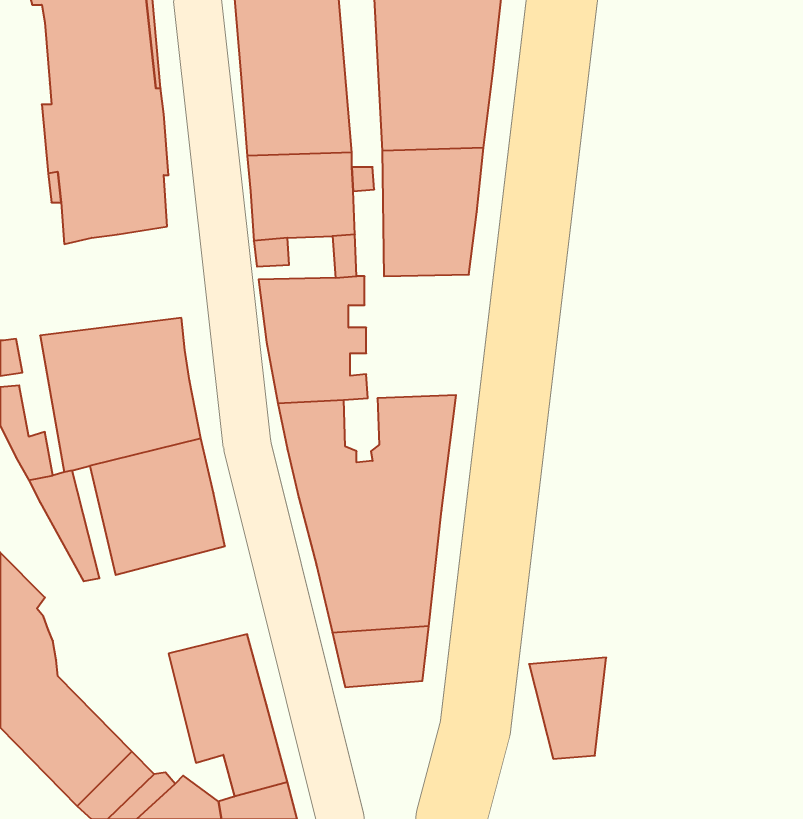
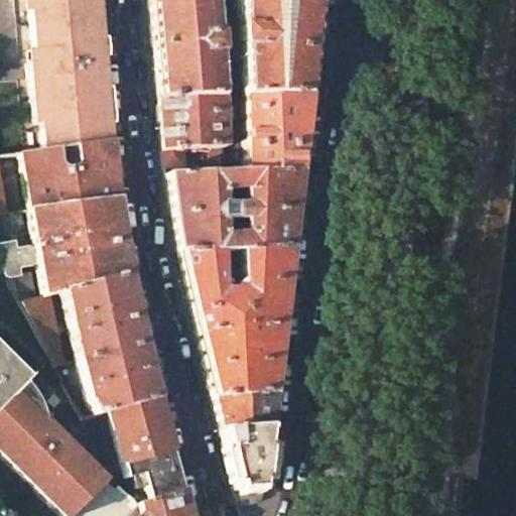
building: none -> [27,141,125,211]
building: none -> [240,172,305,250]
building: none -> [84,343,166,415]
building: [529,658,606,759] -> [228,427,276,491]

